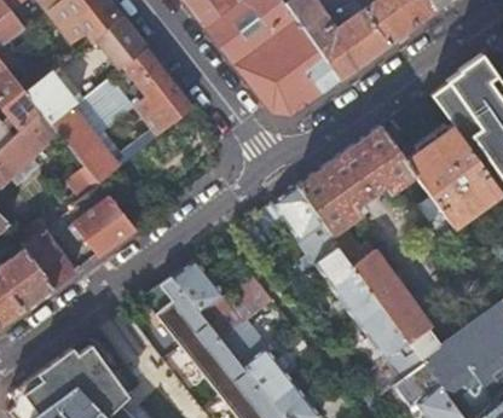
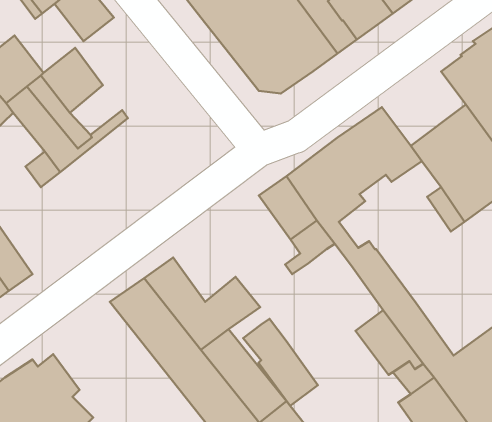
building: [123,47,192,135] -> none
building: [75,196,134,255] -> none
building: [316,245,381,321] -> [243,319,318,406]

